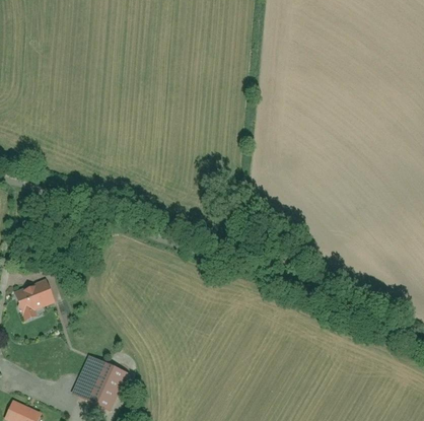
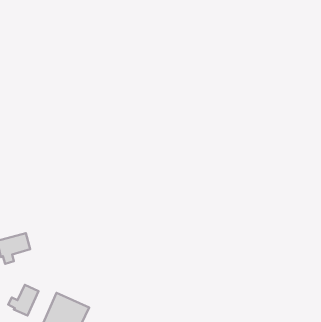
building: none -> [8,285,39,316]

